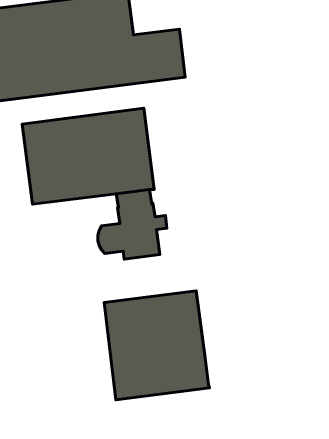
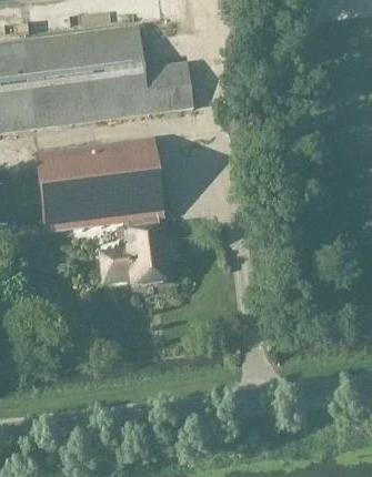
building: [104,291,209,400] -> none

